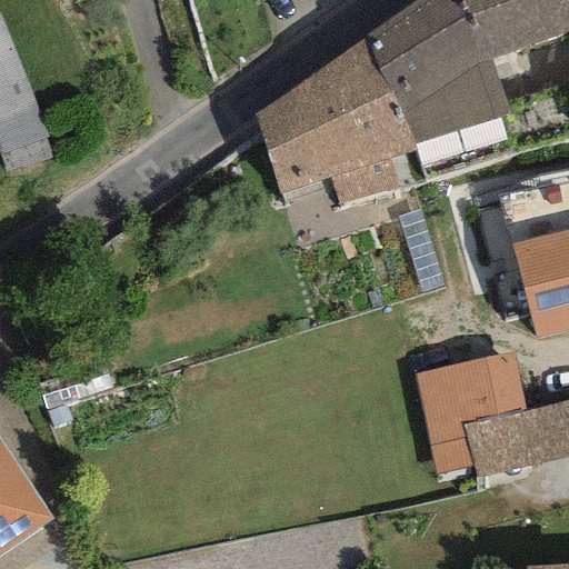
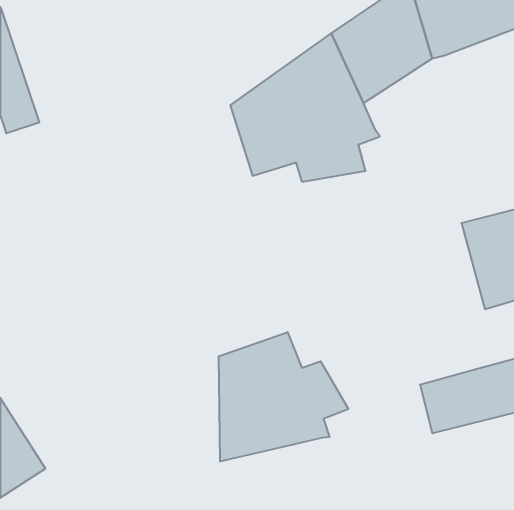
building: [402,61,510,143] -> none
building: [413,351,526,472] -> none
building: none -> [219,332,348,461]

